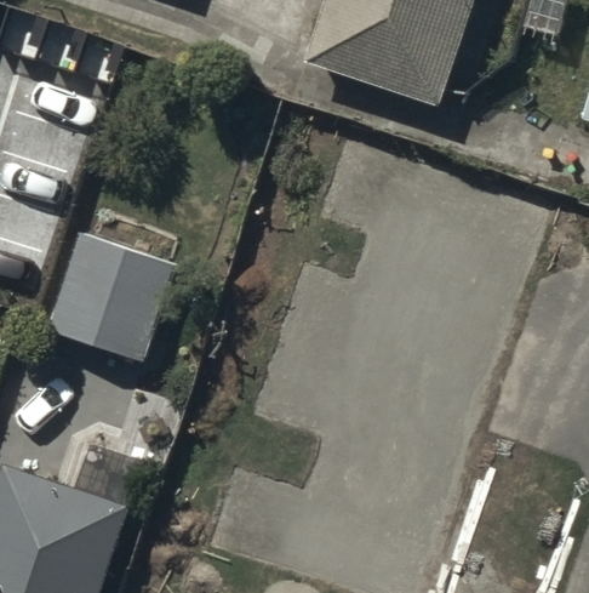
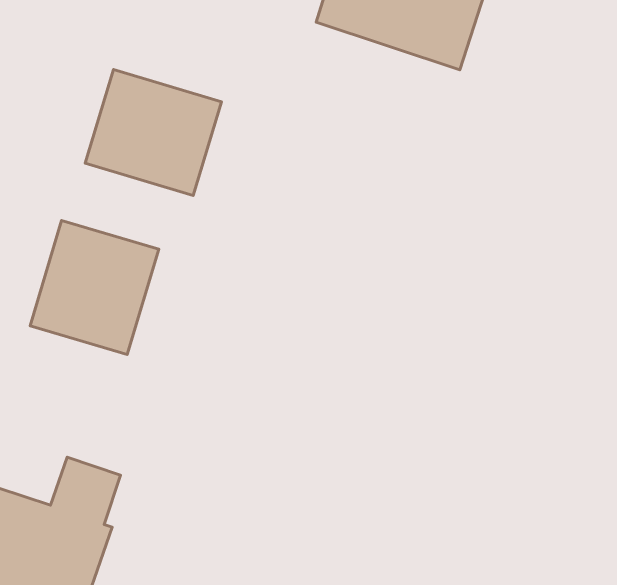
building: none -> [85,69,222,196]

